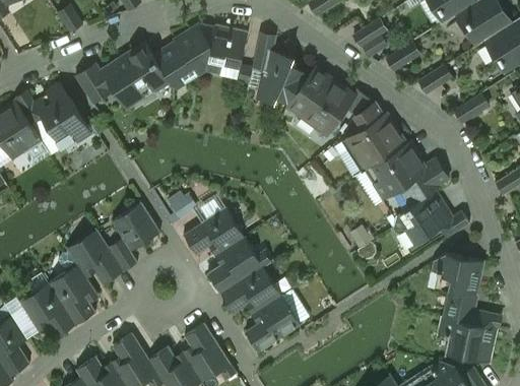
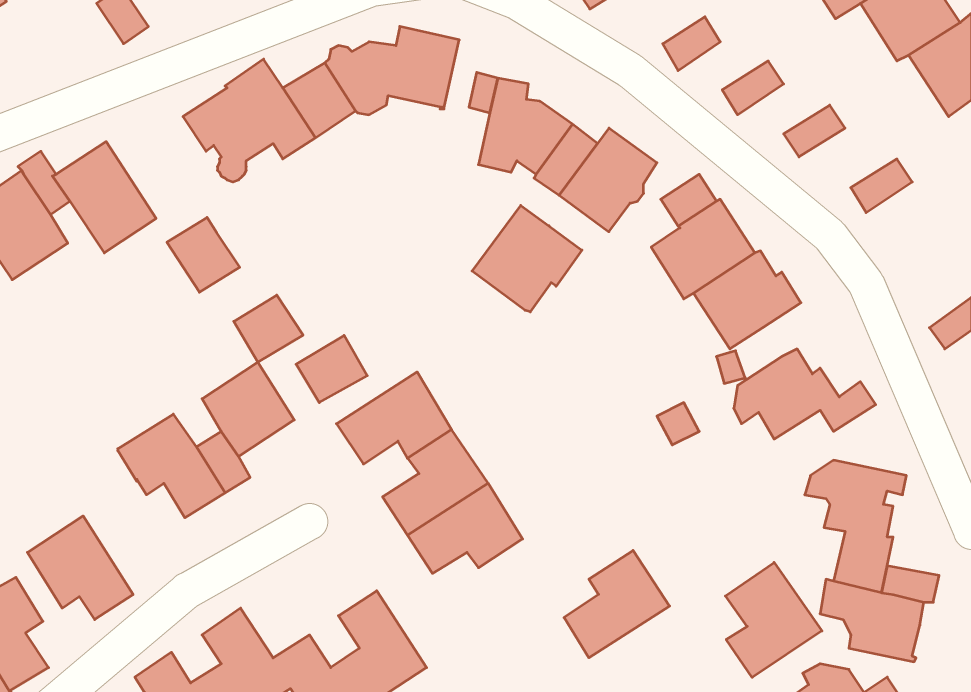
building: [75,64,114,104] -> [167,217,240,292]
building: none -> [472,205,582,312]
building: [408,165,448,199] -> none
building: none -> [234,295,303,362]
building: [49,264,96,325] -> none
building: [245,296,301,352] -> [564,550,670,658]
building: none -> [725,562,822,677]

